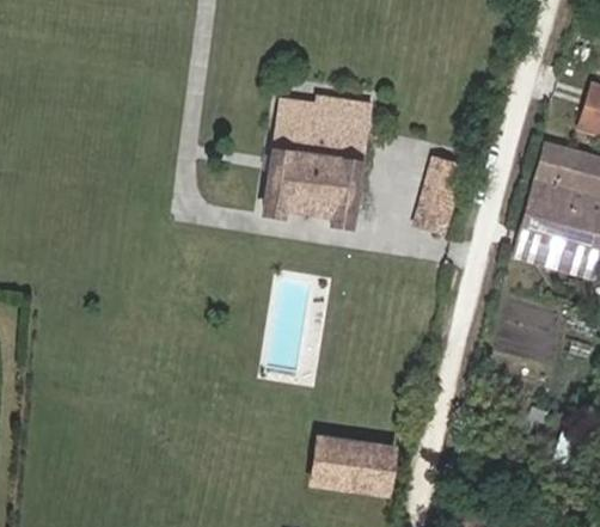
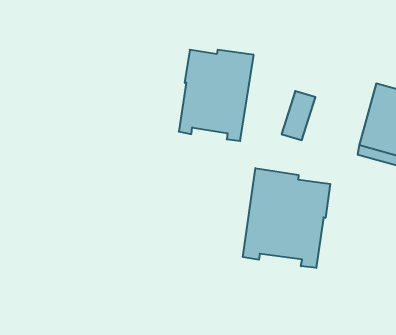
building: none -> [243,168,330,268]
building: [316,436,397,494] -> none

